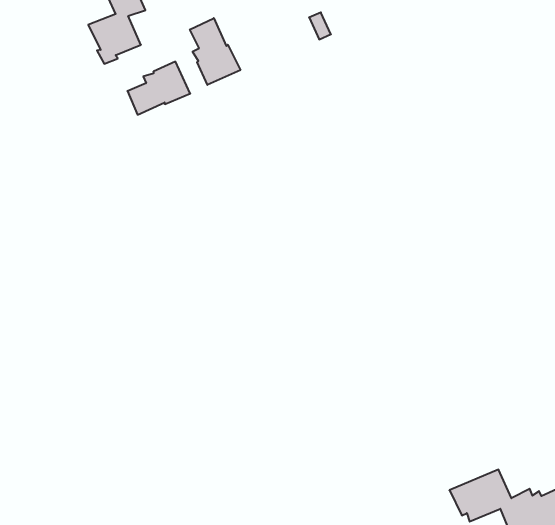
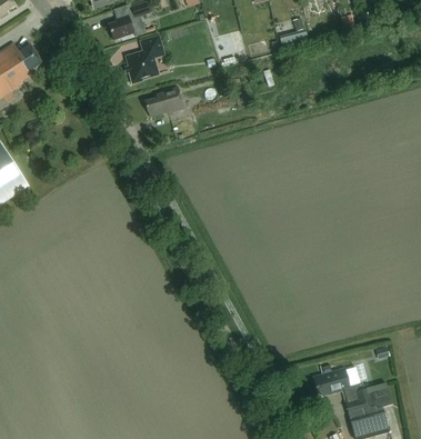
building: [190,18,240,85] -> none

